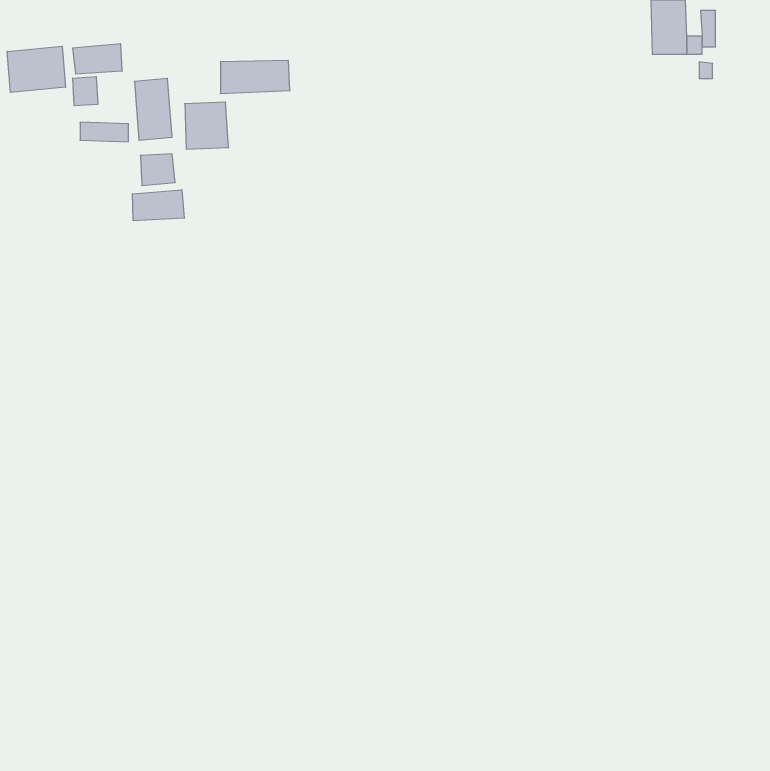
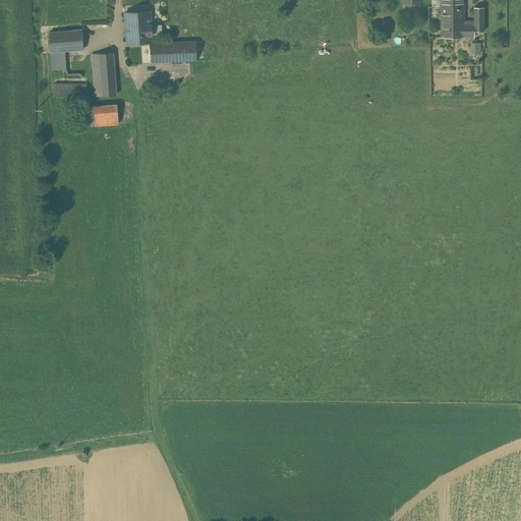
building: [7,46,66,92] -> none
building: [185,102,229,149] -> [125,10,155,42]
building: [132,190,184,221] -> none

